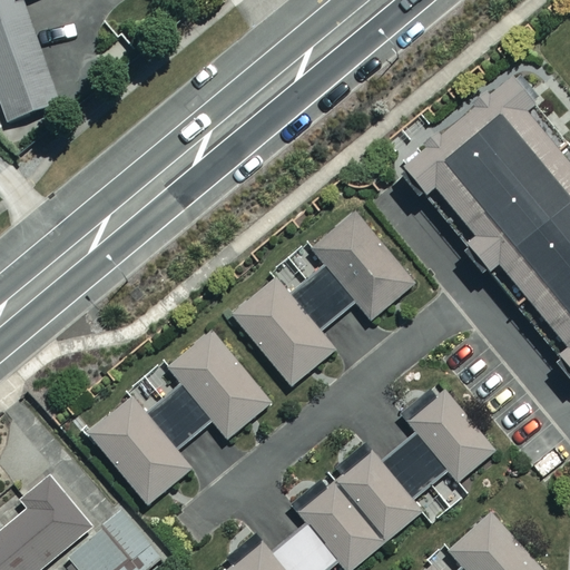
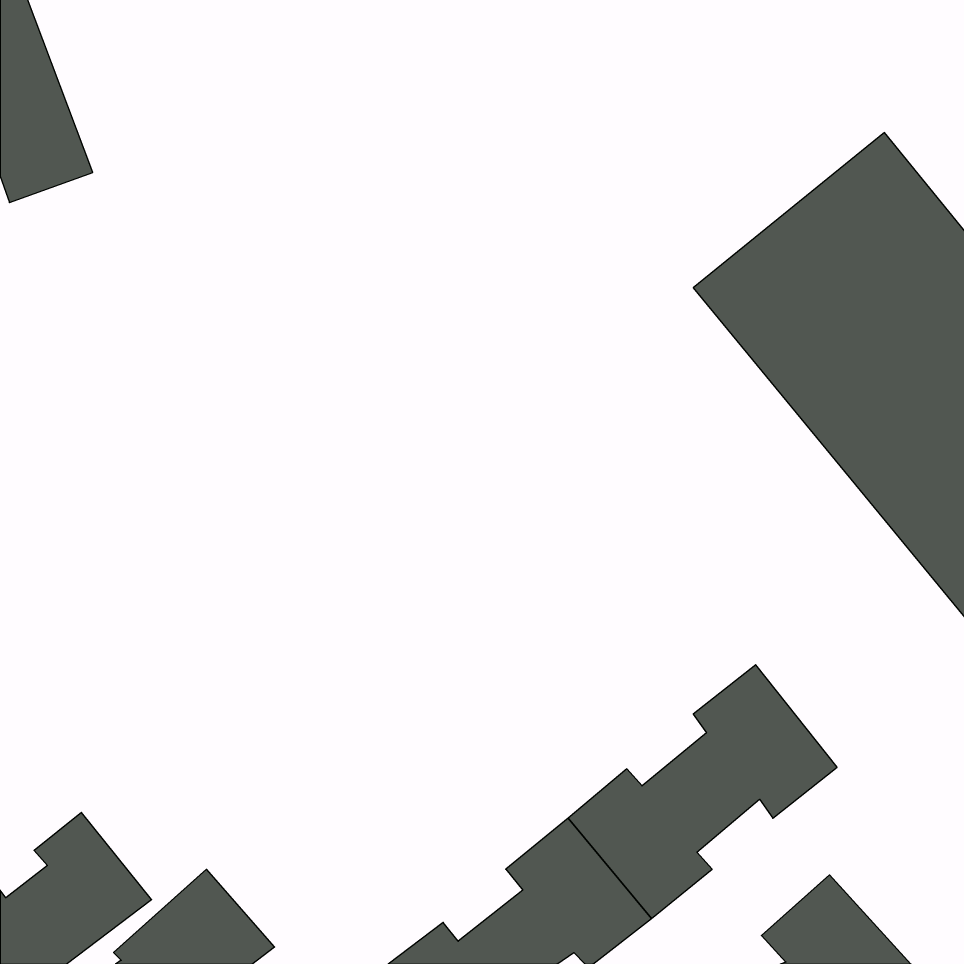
building: [233,212,413,385] -> none
building: [88,332,271,504] -> none

